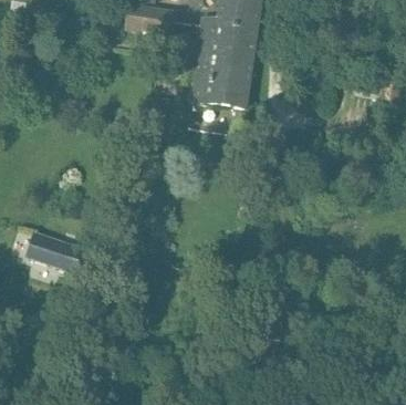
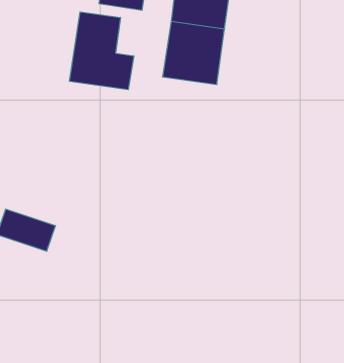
building: none -> [70,12,134,90]

